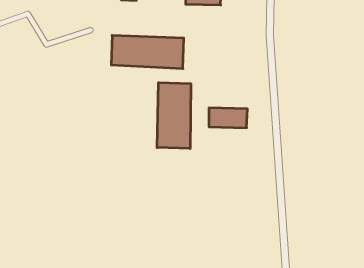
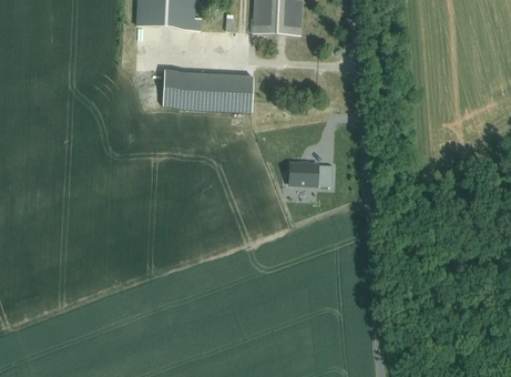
building: [157,83,191,149] -> none

